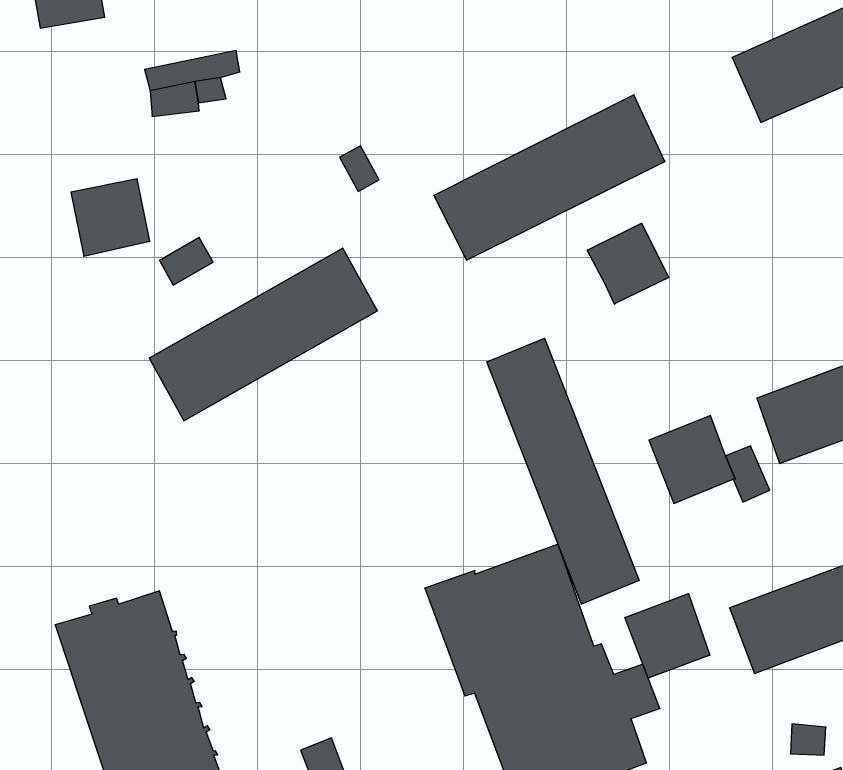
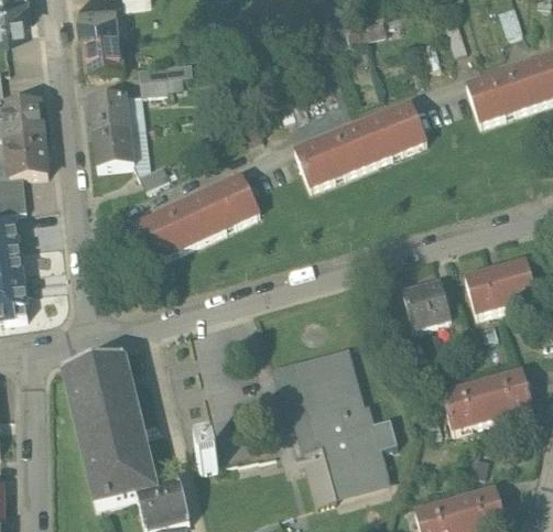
building: none -> [83,34,122,74]
building: none -> [88,90,130,130]
building: [587,223,669,304] -> none
building: [487,338,639,604] -> none
building: [625,594,710,678] -> none

